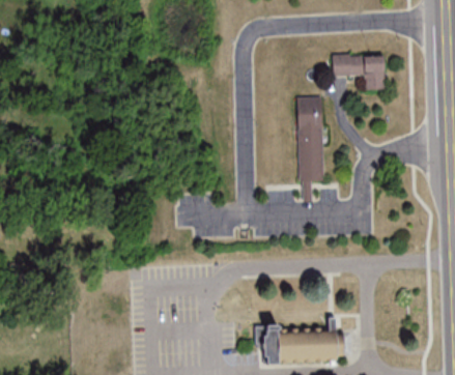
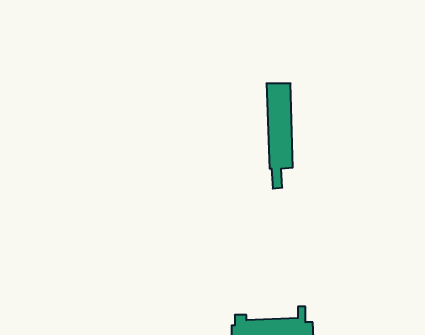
building: [332,54,385,89] -> none

